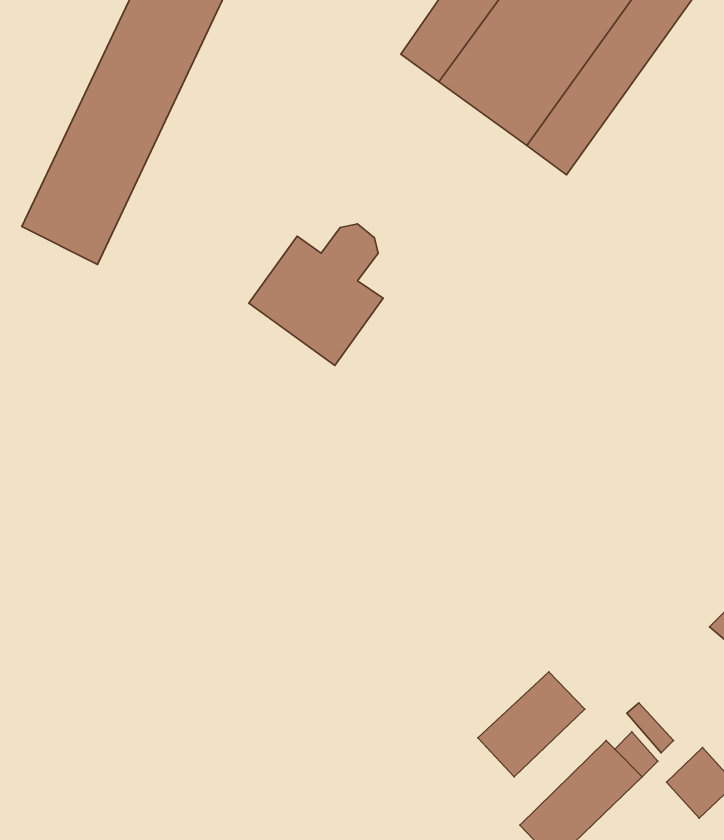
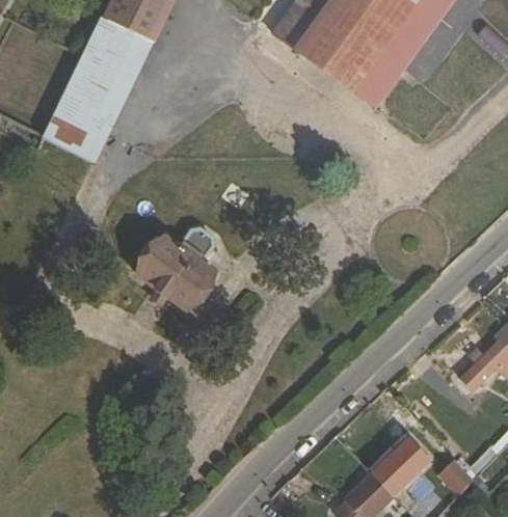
building: [249,224,383,365] -> [137,226,218,311]
building: [478,672,585,777] -> none

